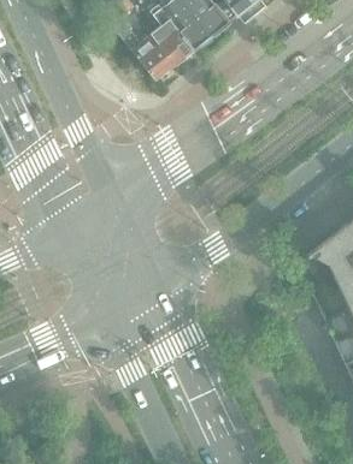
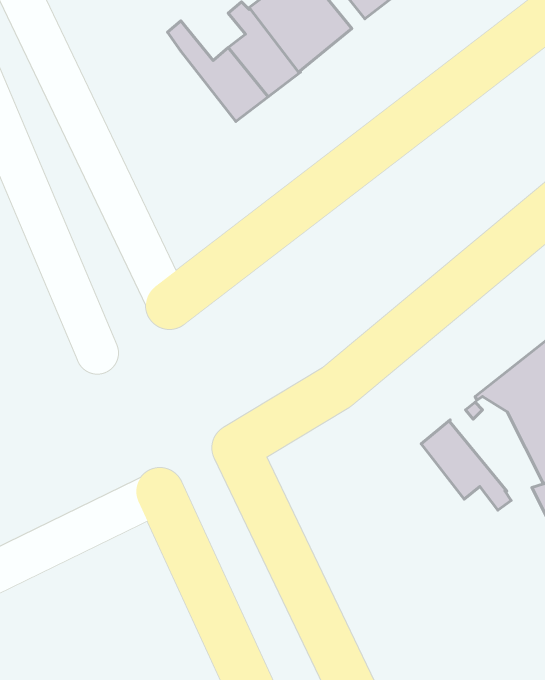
building: none -> [421,420,511,510]

